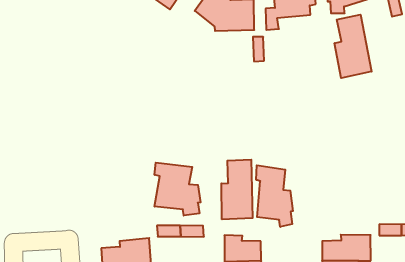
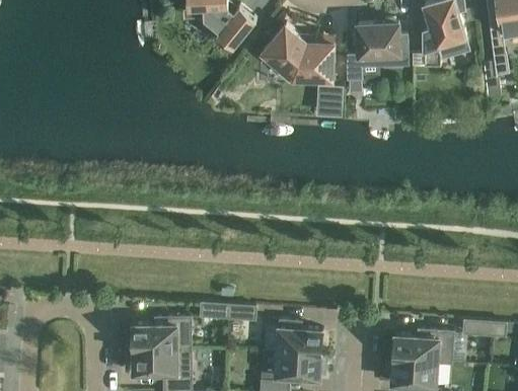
building: [335,15,372,78] -> none
building: [221,160,253,219] -> none
building: [155,163,201,216] -> none
building: [256,165,293,227] -> none

